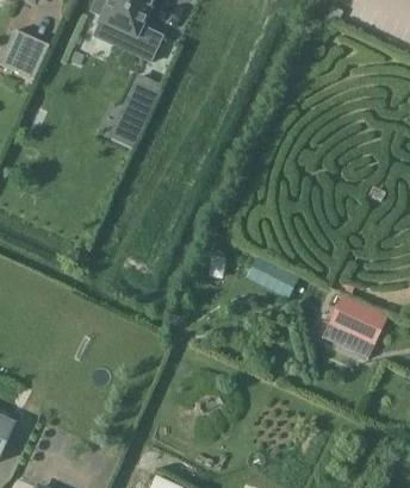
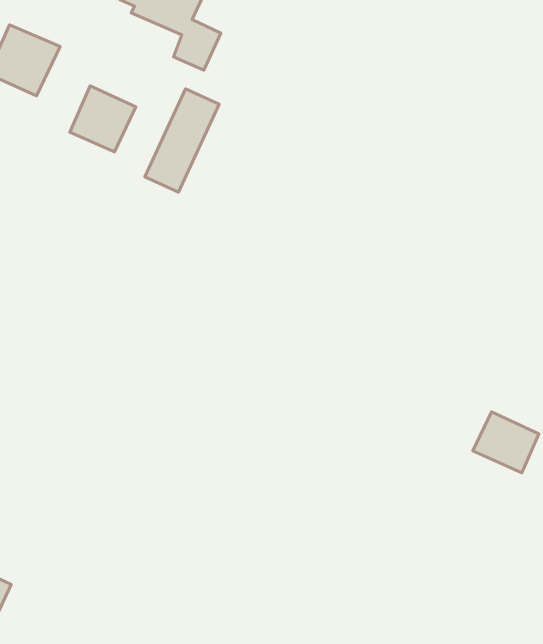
building: none -> [70,86,136,152]
building: [248,257,299,298] -> none

